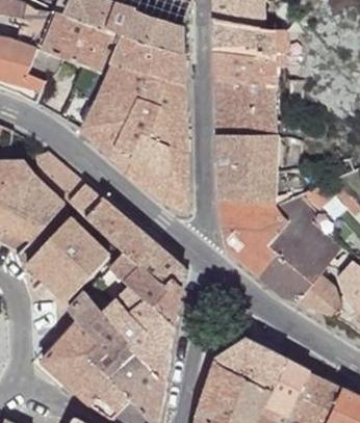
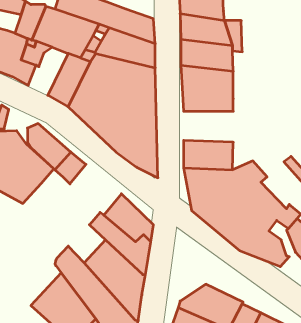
building: [218,135,277,171] -> none
building: [85,197,146,257] -> none
building: [25,214,111,303] -> none

